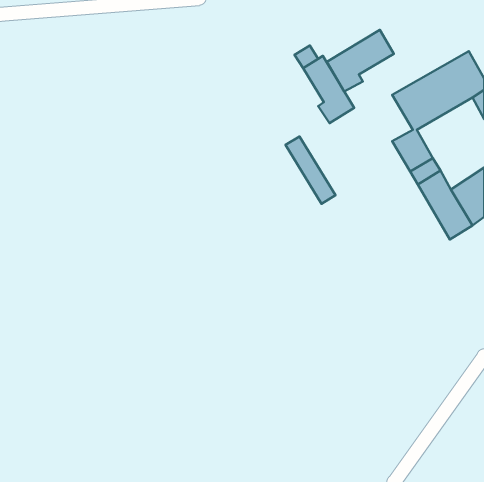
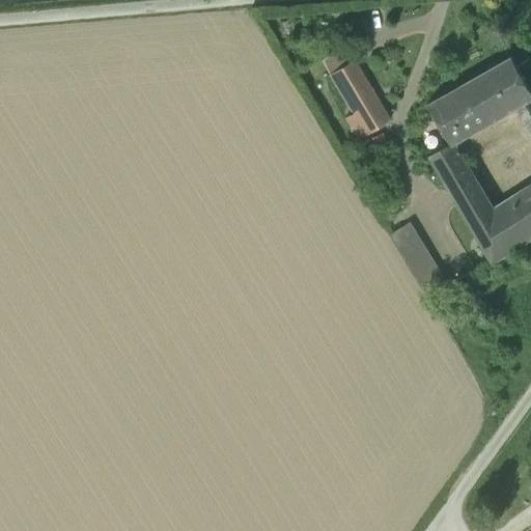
building: [327,30,394,91] -> none
building: [285,136,336,204] -> [391,223,446,297]

